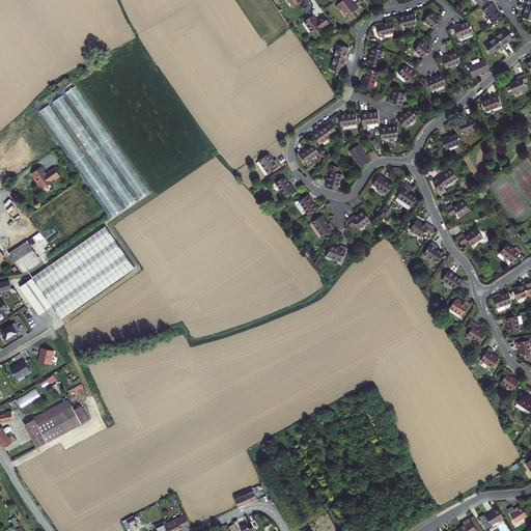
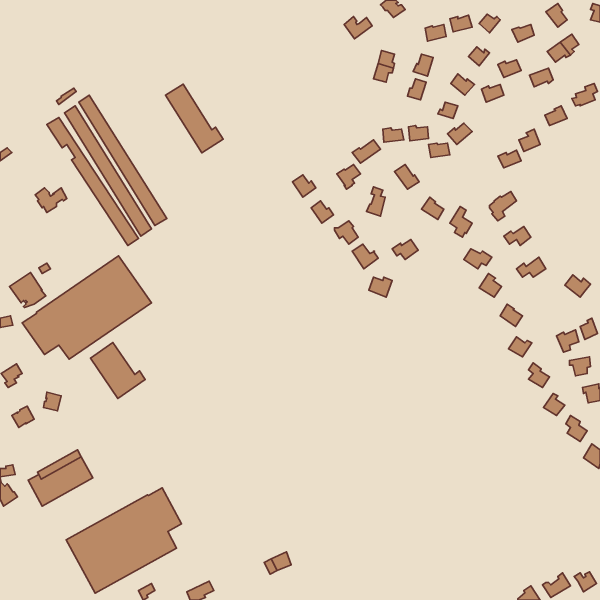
building: none -> [166,84,223,153]
building: none -> [90,343,145,398]
building: none -> [66,488,182,593]

